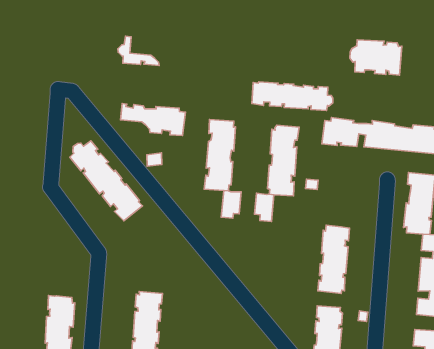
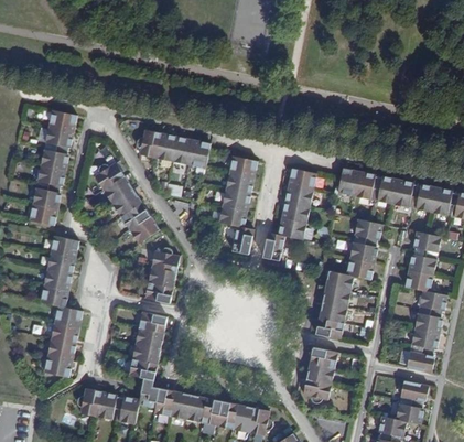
building: [118,36,159,66] -> [136,129,173,161]
building: [350,40,402,75] -> none
building: [252,82,333,111] -> none
building: none -> [29,109,76,224]
building: none -> [345,218,382,279]
building: none -> [145,247,180,303]
building: none -> [40,235,77,306]

